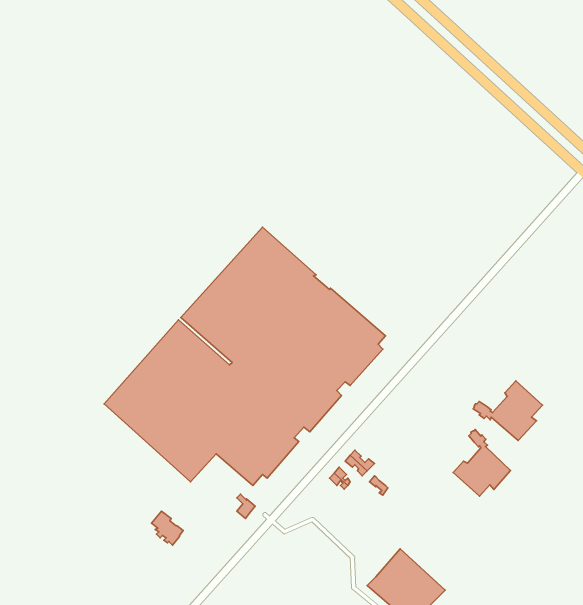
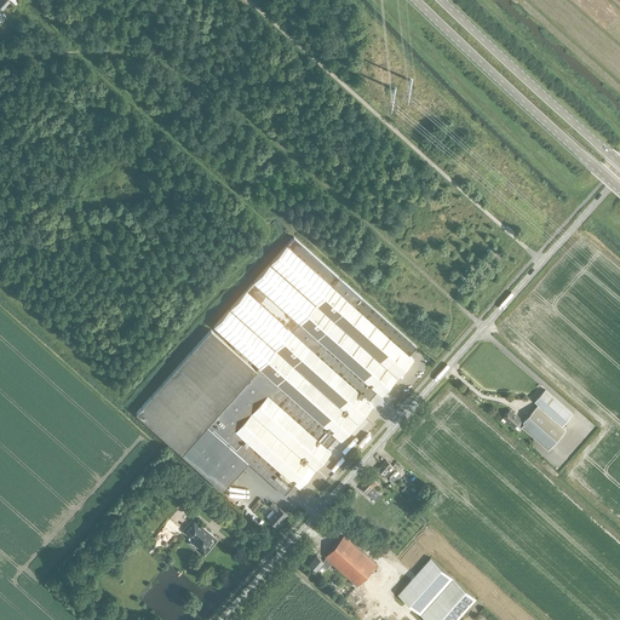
building: [453,430,511,496] -> none
building: none -> [309,538,375,587]

